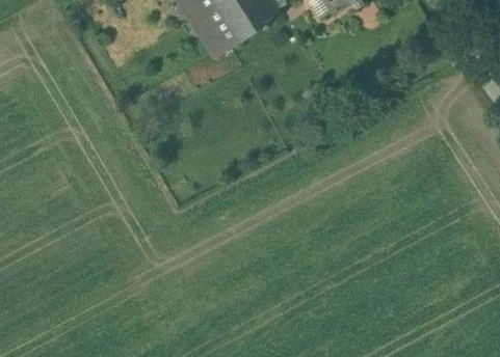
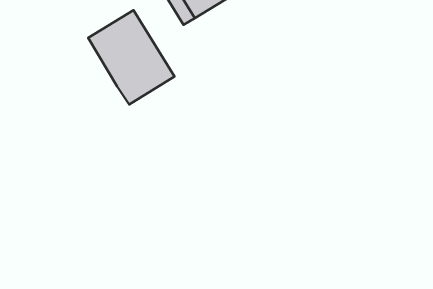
building: none -> [88,10,175,104]

